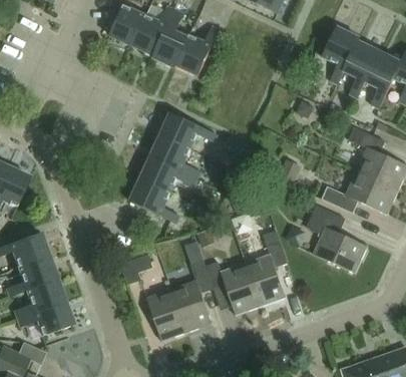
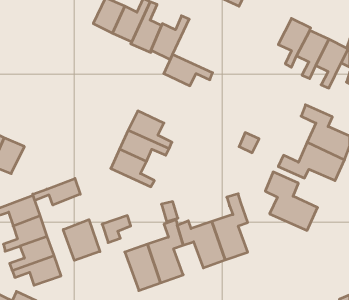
building: [160,112,217,148] -> [164,54,213,86]
building: none -> [33,178,80,205]
building: none -> [63,220,100,260]

